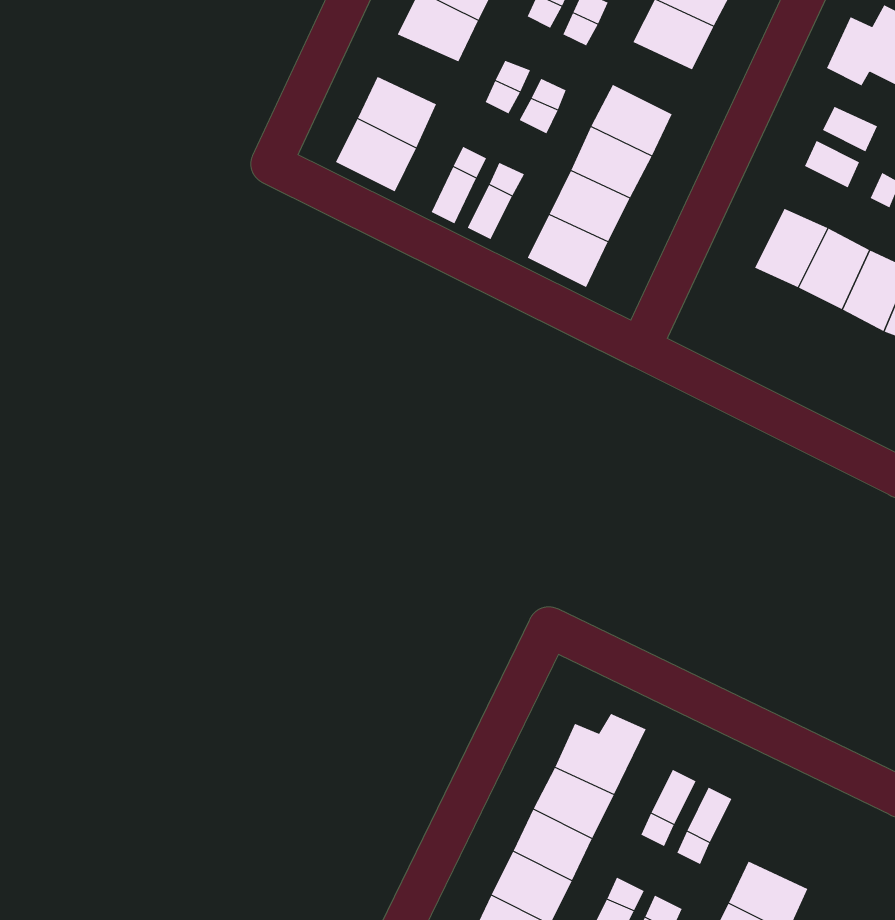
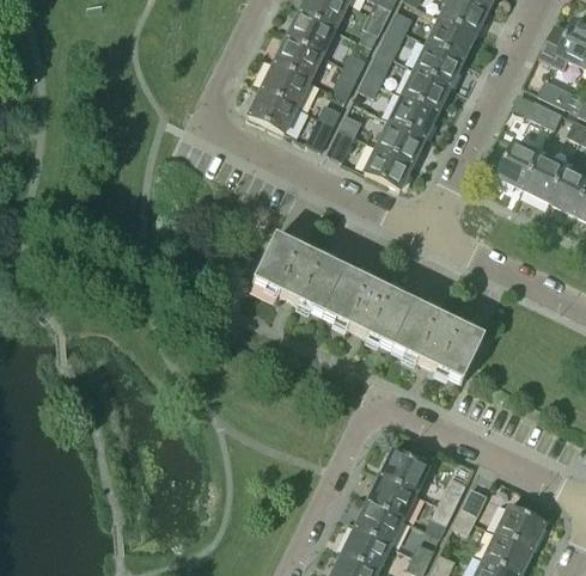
building: none -> [274,36,323,78]
building: none -> [415,41,463,84]
building: none -> [252,235,483,382]
building: none -> [496,504,545,547]

